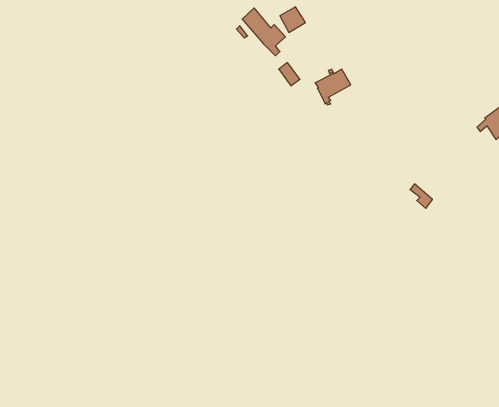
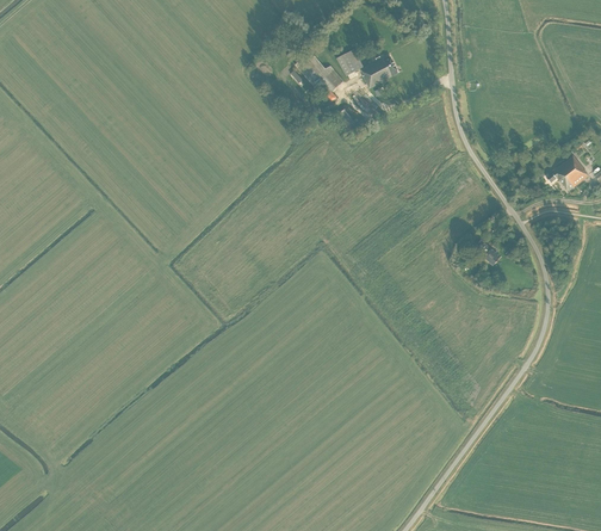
building: [315,69,351,105] -> [361,56,399,94]

